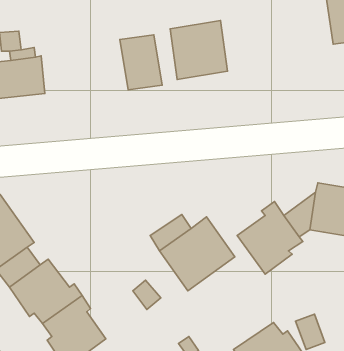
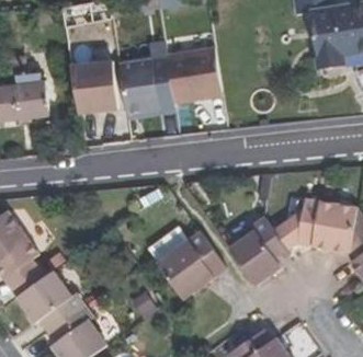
building: none -> [69,61,116,113]

